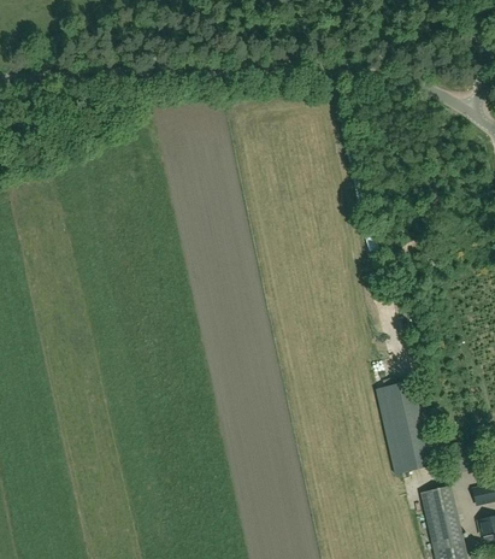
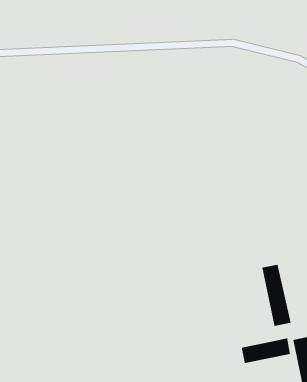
building: none -> [241,337,290,364]

